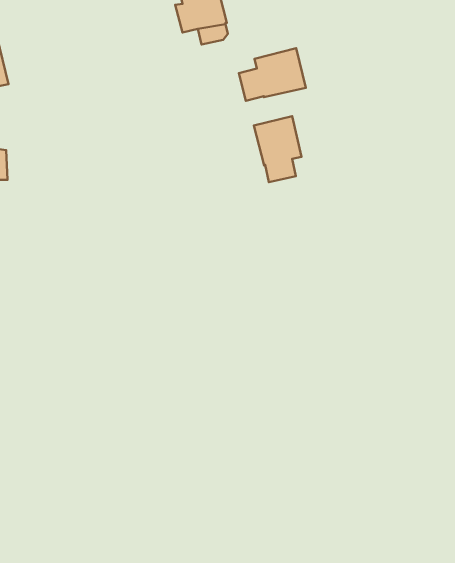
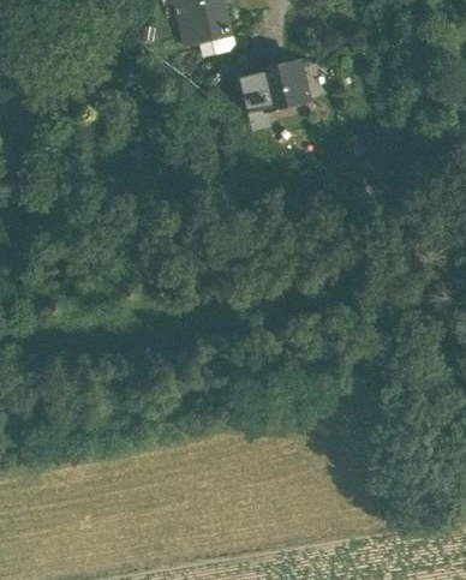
building: [254,116,301,182] -> none

